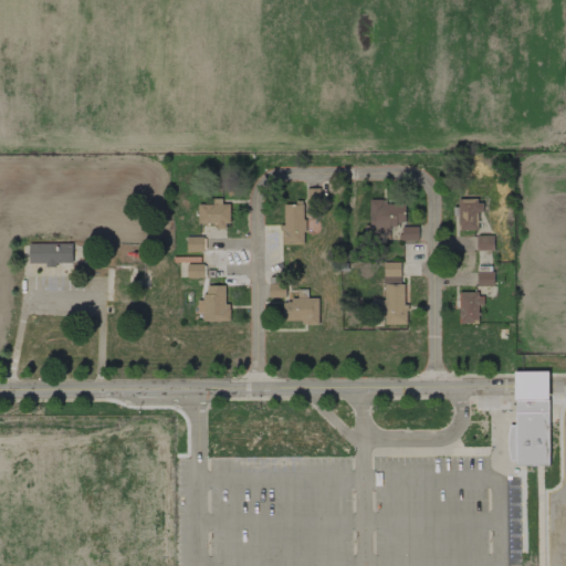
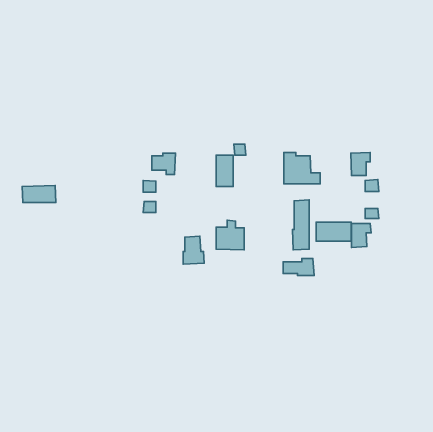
building: [202,284,230,321] -> [183,236,204,264]
building: none -> [316,222,351,241]
building: none -> [283,259,314,275]
building: [509,370,549,463] -> none

